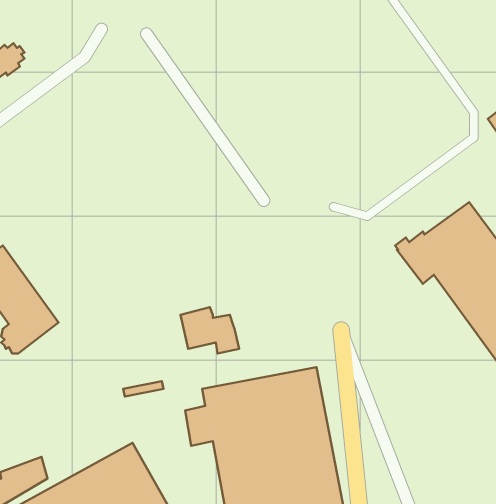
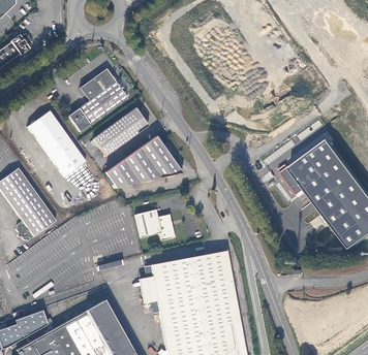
building: none -> [68,68,126,131]
building: none -> [93,107,148,155]
building: none -> [28,109,86,175]
building: none -> [106,134,183,187]

